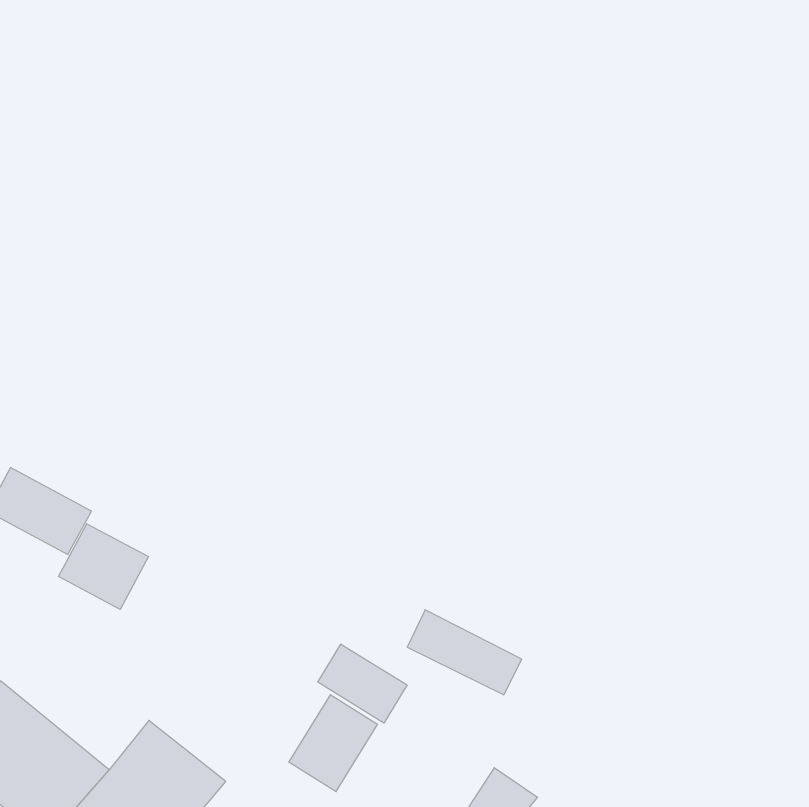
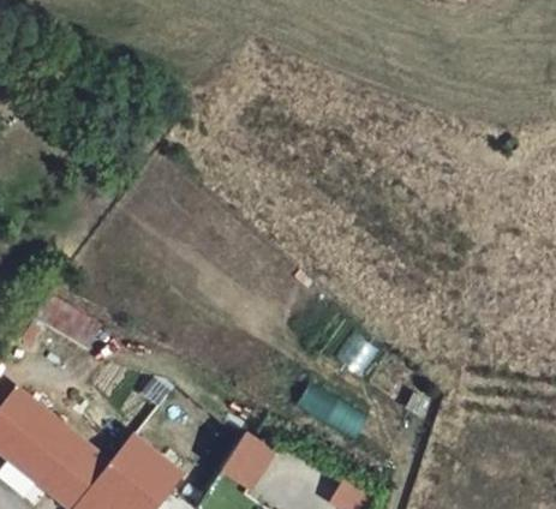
building: [58,524,148,609] -> none
building: [318,644,407,723] -> none

